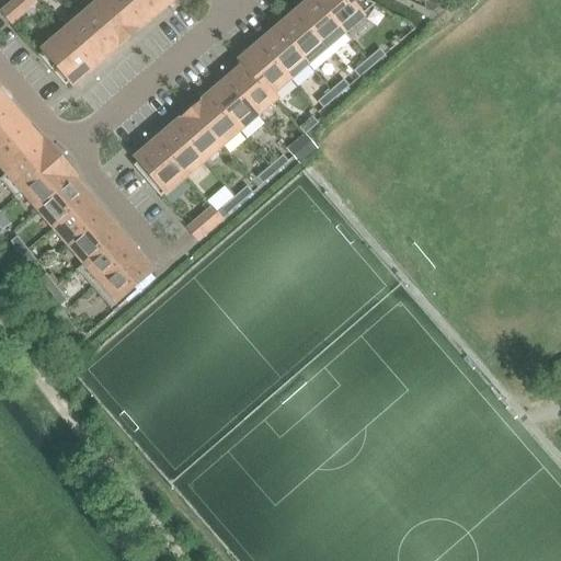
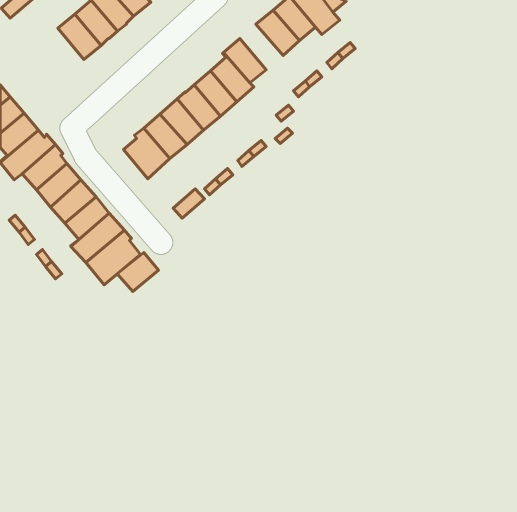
building: [260,26,307,76] -> none
building: [38,31,91,83] -> none
building: none -> [117,253,158,292]

